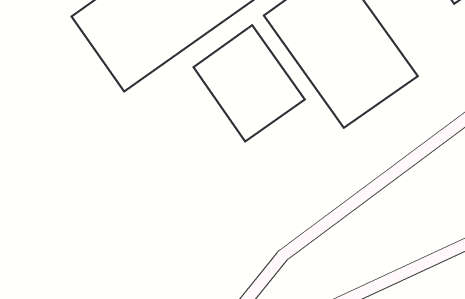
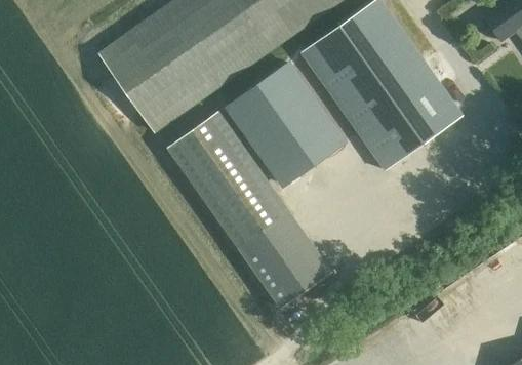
building: none -> [167,111,332,308]

